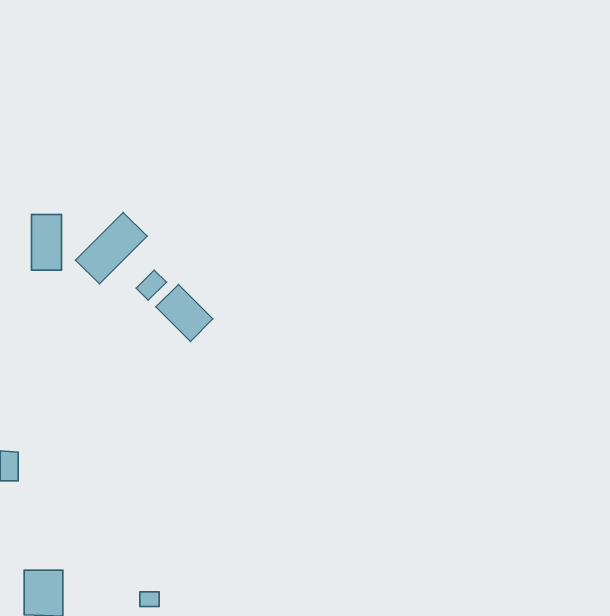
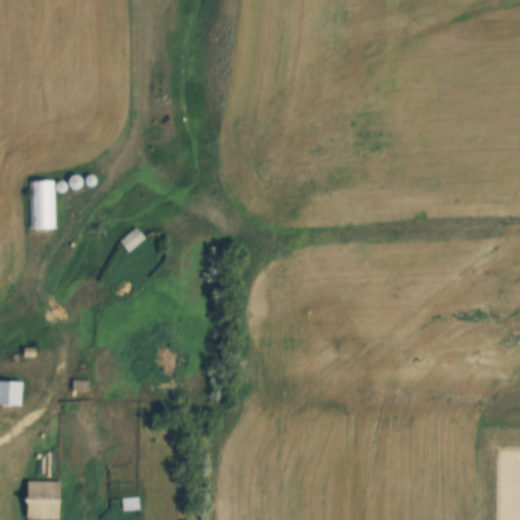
building: [76,212,147,284] -> none
building: [156,285,213,341] -> none

